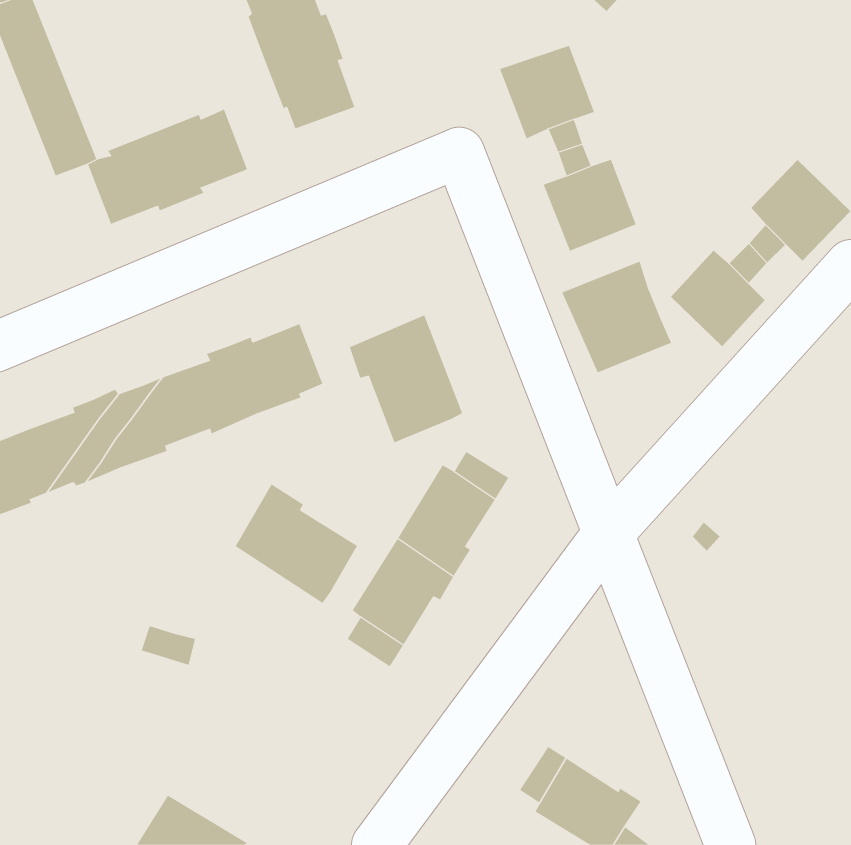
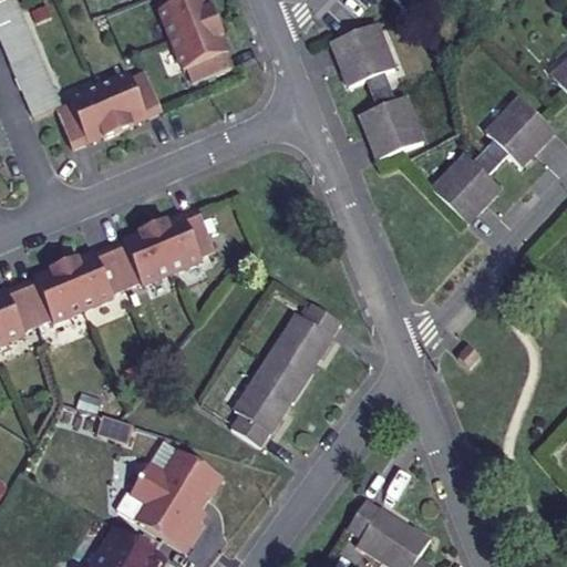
building: [561,261,672,373] -> none
building: [349,314,463,443] -> none
building: [235,483,358,604] -> none
building: none -> [113,446,219,548]

